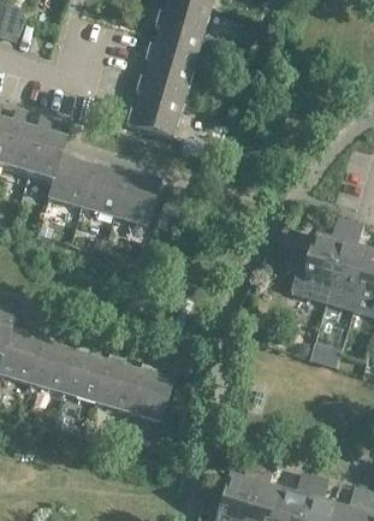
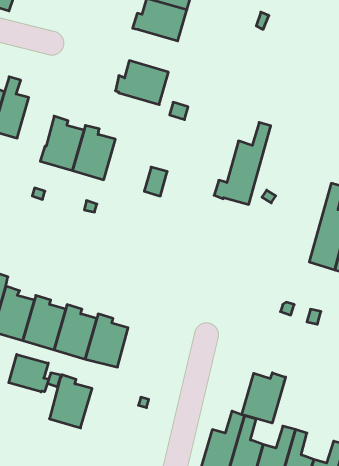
building: [135,59,191,103] -> none
building: [24,116,66,180] -> none
building: [114,168,159,225] -> none
building: [292,215,351,301] -> [214,122,271,204]
building: [129,365,173,420] -> [49,375,92,428]
building: none -> [9,354,49,392]
building: none -> [242,373,286,423]

